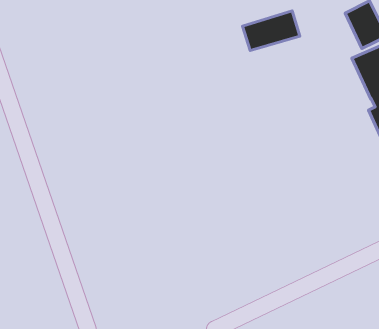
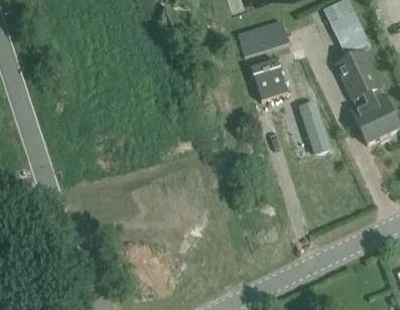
building: none -> [253,58,290,101]
building: none -> [301,101,331,151]

